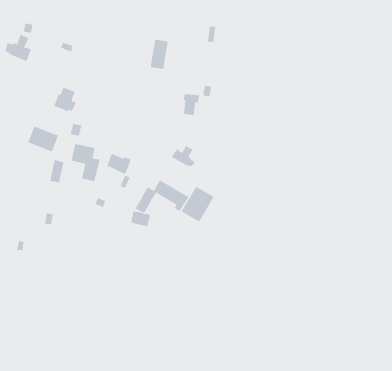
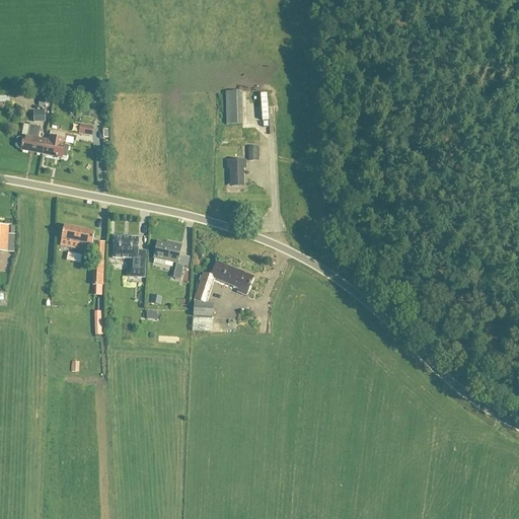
building: [150,39,169,69] -> [225,89,241,122]
building: [54,87,76,112] -> [43,130,68,157]
building: [171,145,195,167] -> none
building: [181,186,214,223] -> none

